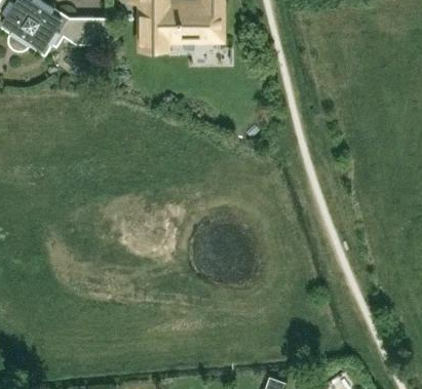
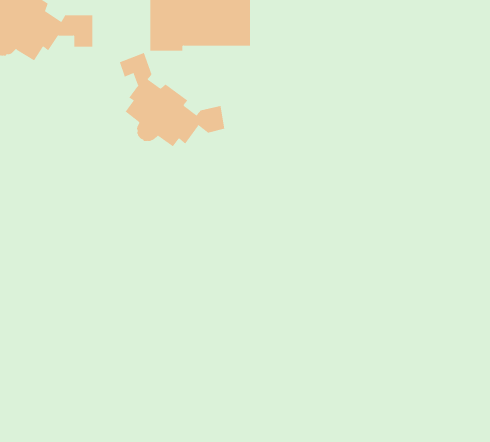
building: none -> [119,52,225,147]

